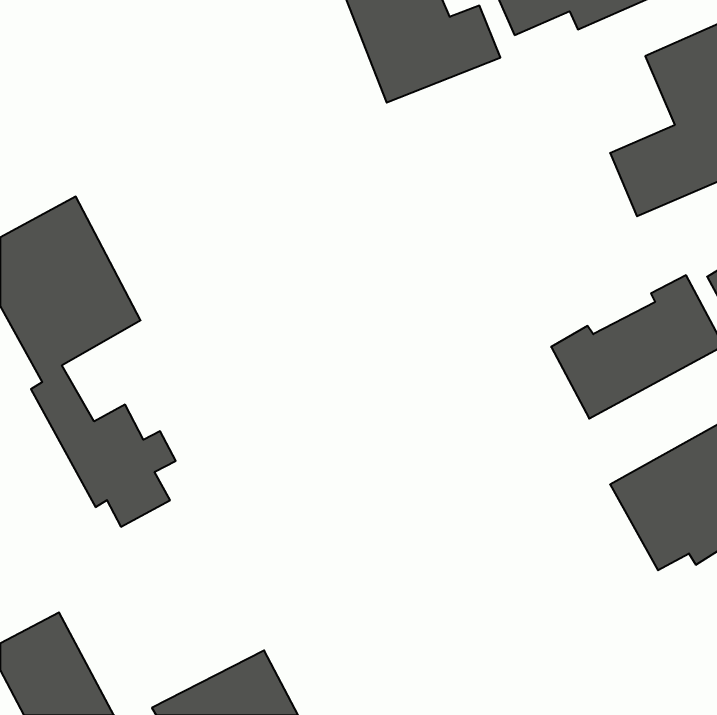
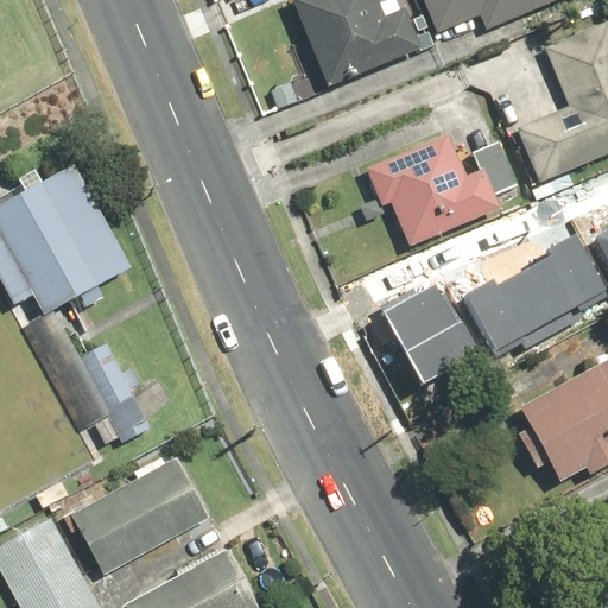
building: none -> [362,133,498,248]
building: none -> [385,279,479,381]
building: none -> [69,461,207,572]

